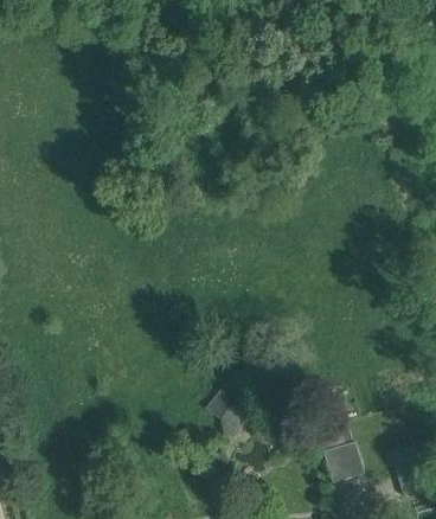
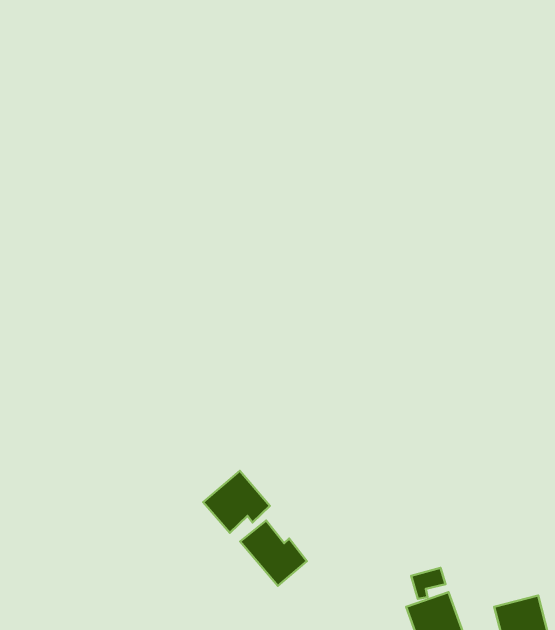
building: none -> [203,471,270,533]

